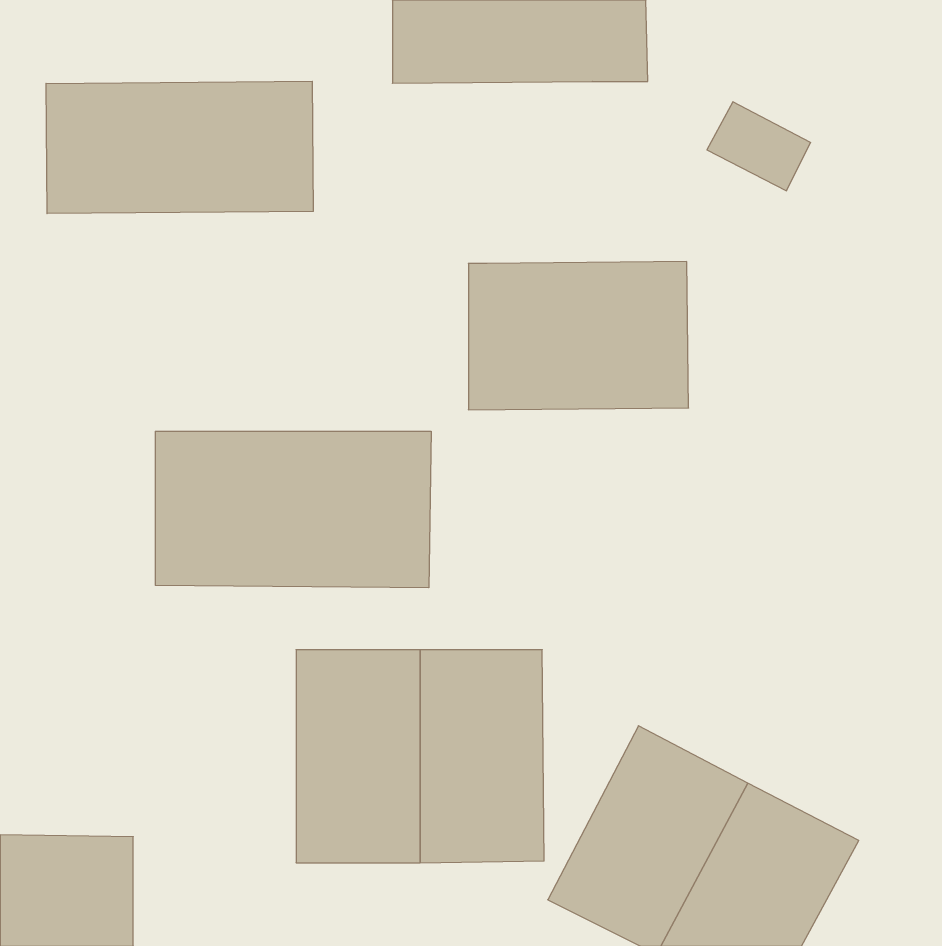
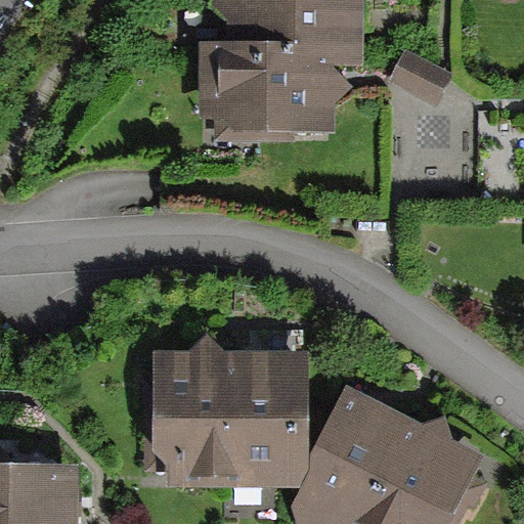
building: [46,81,313,214] -> none
building: [468,262,689,410] -> [209,45,331,127]
building: [155,431,431,588] -> none

